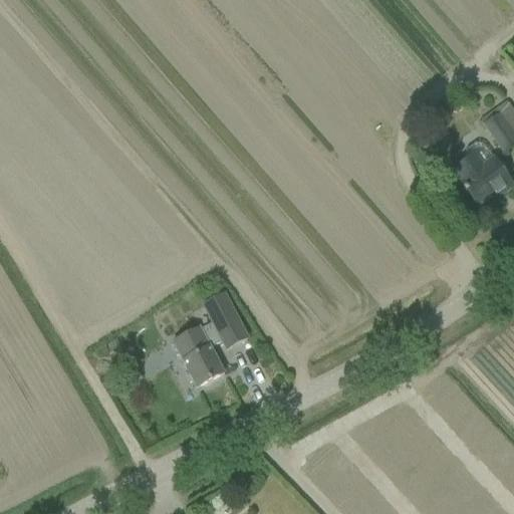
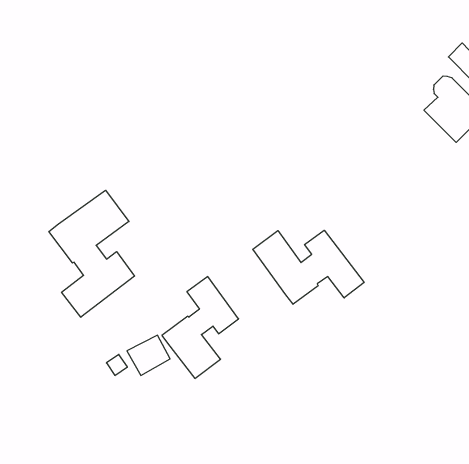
building: none -> [49,190,135,317]
building: none -> [253,230,364,304]

